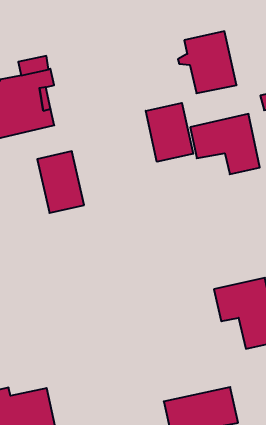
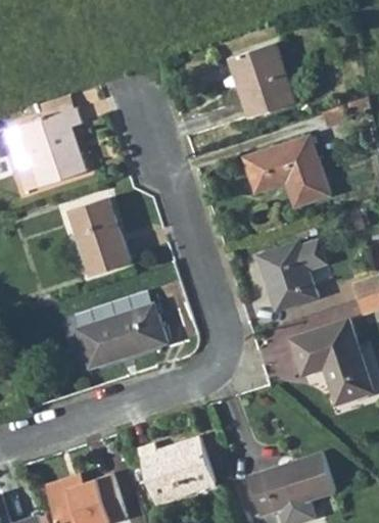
building: [146,103,193,162] -> none
building: none -> [259,241,328,312]
building: none -> [78,304,165,367]
building: none -> [137,436,214,502]

